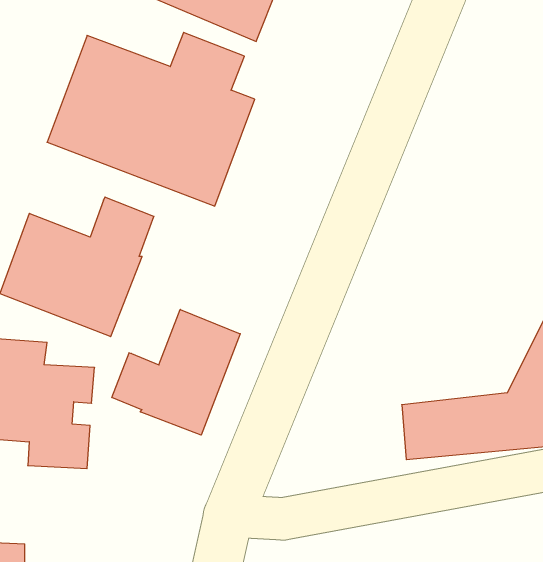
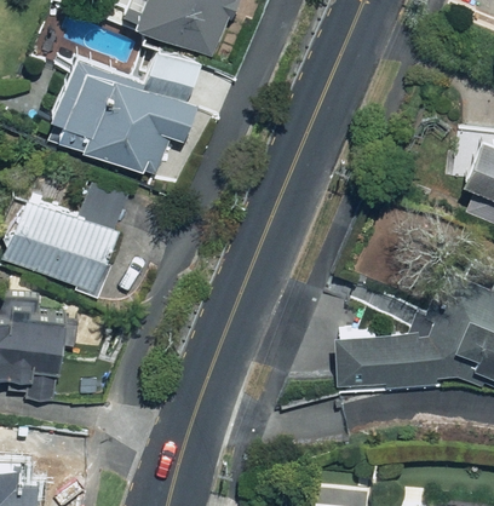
building: [112,309,240,435] -> none

